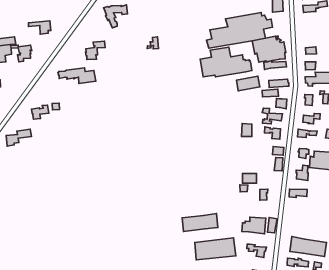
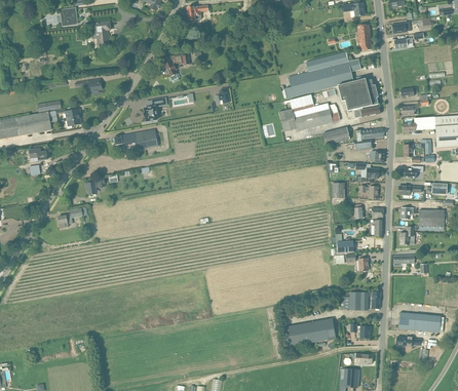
building: [182,213,218,231] -> none

